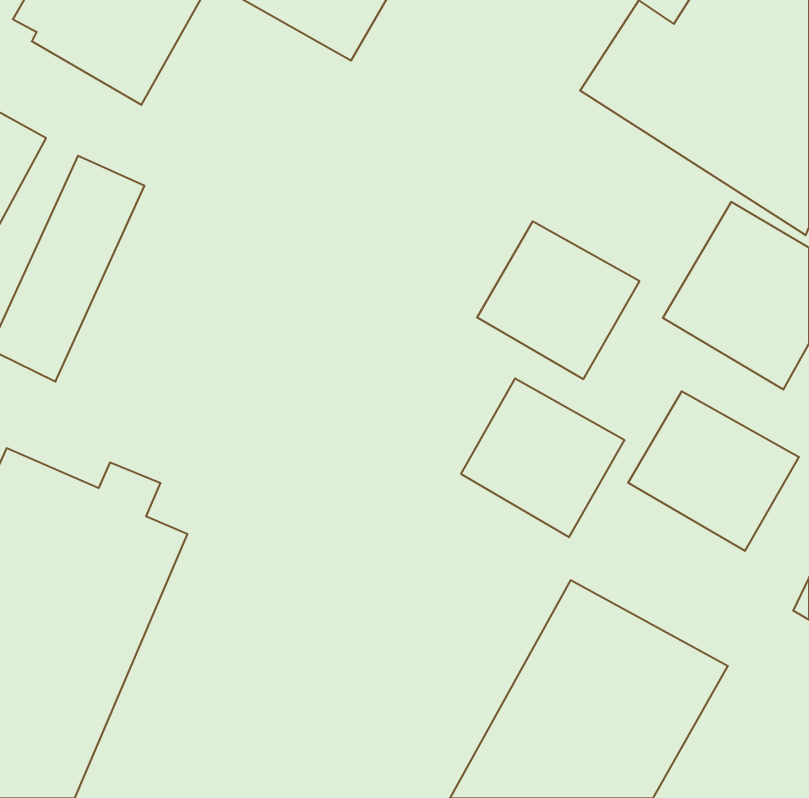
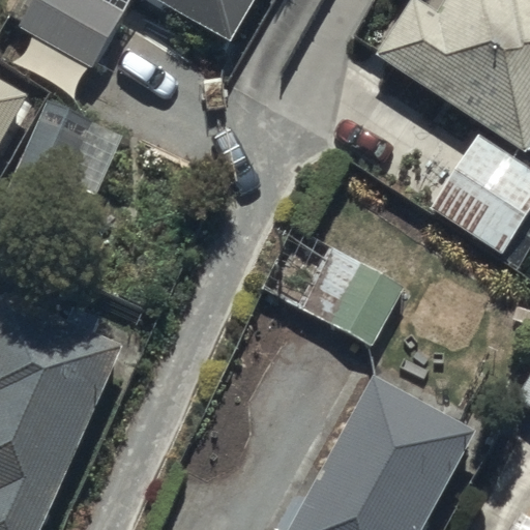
building: [477,221,639,379] -> none
building: [628,391,799,551] -> none

